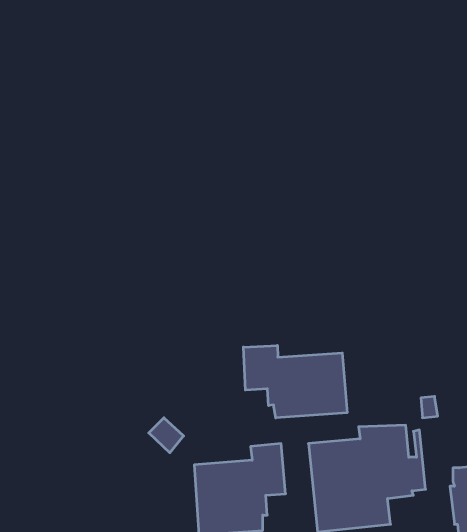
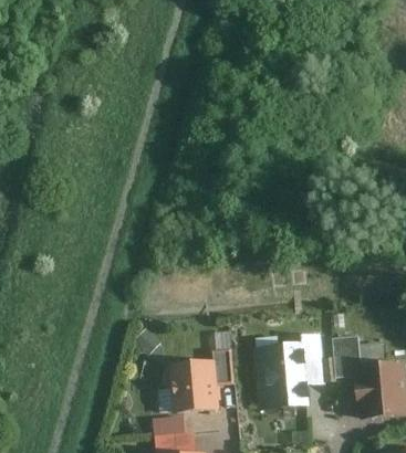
building: [243,345,347,418] -> none
building: none -> [332,335,361,377]

